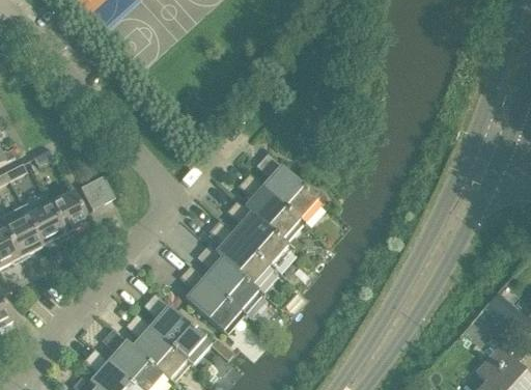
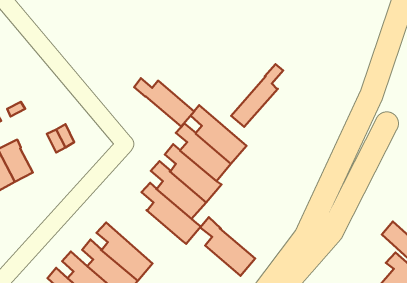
building: none -> [231,64,283,127]
building: none -> [134,78,194,126]
building: [49,191,88,233] -> none
building: [177,266,244,336] -> [200,217,255,276]

